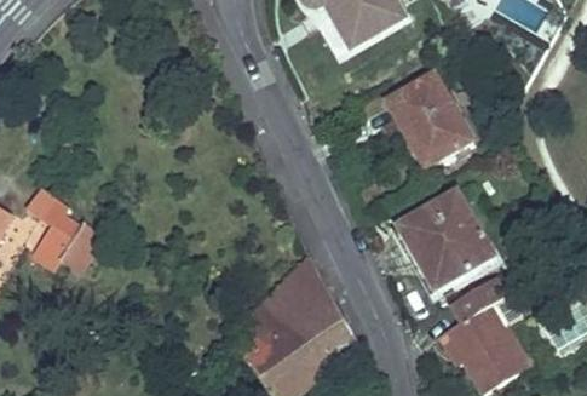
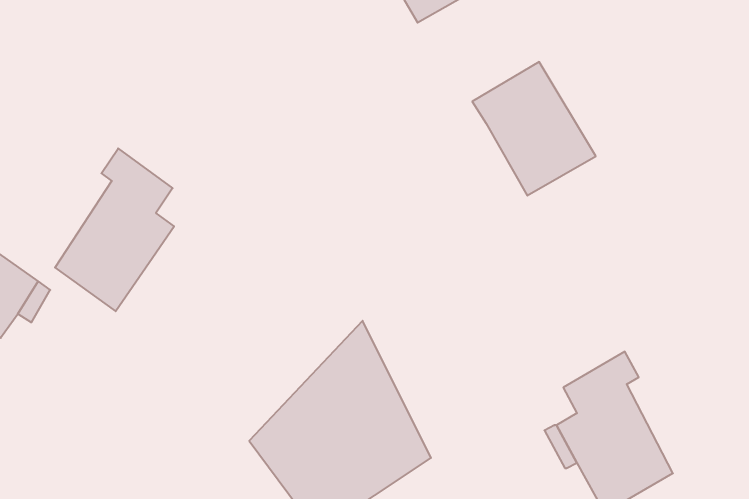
building: none -> [55,148,174,311]
building: [399,191,494,291] -> none

